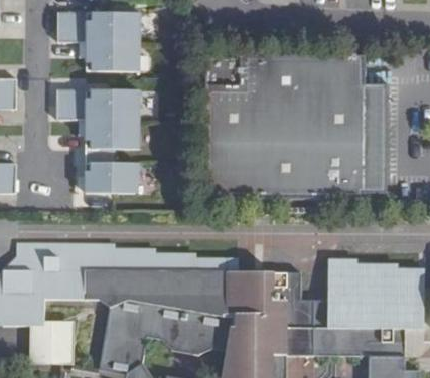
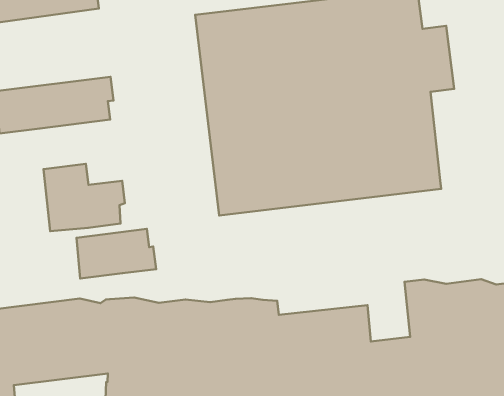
building: [87,40,141,70] -> none
building: [364,83,387,192] -> none
building: [85,120,139,149] -> [77,229,156,279]

